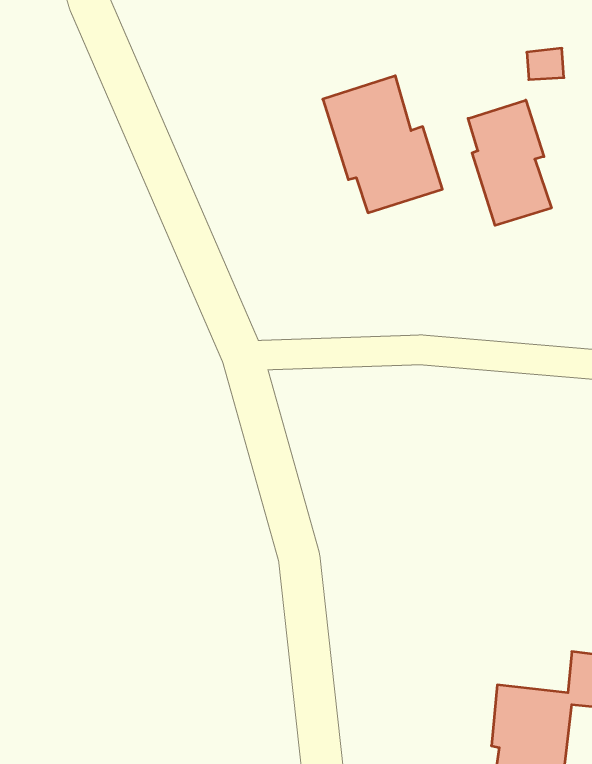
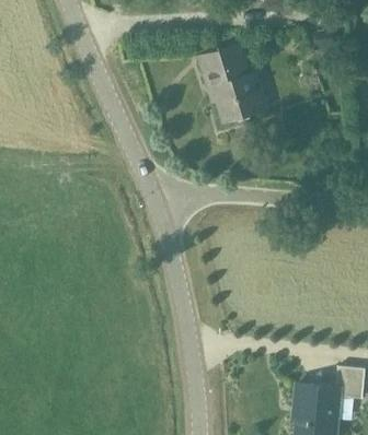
building: [468,100,551,225] -> none

